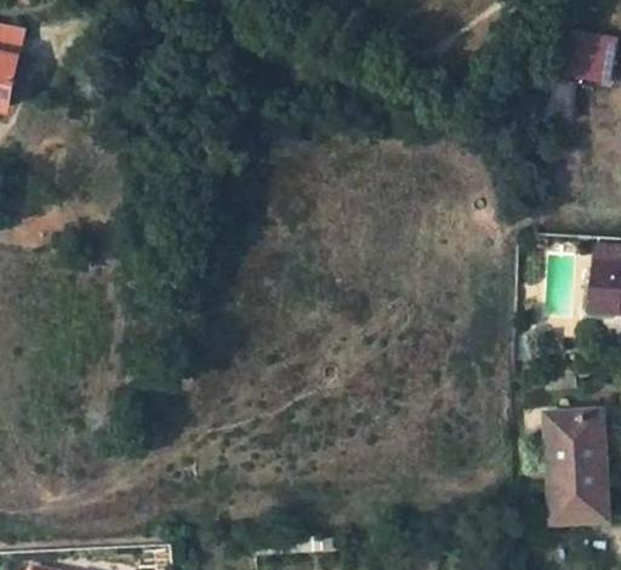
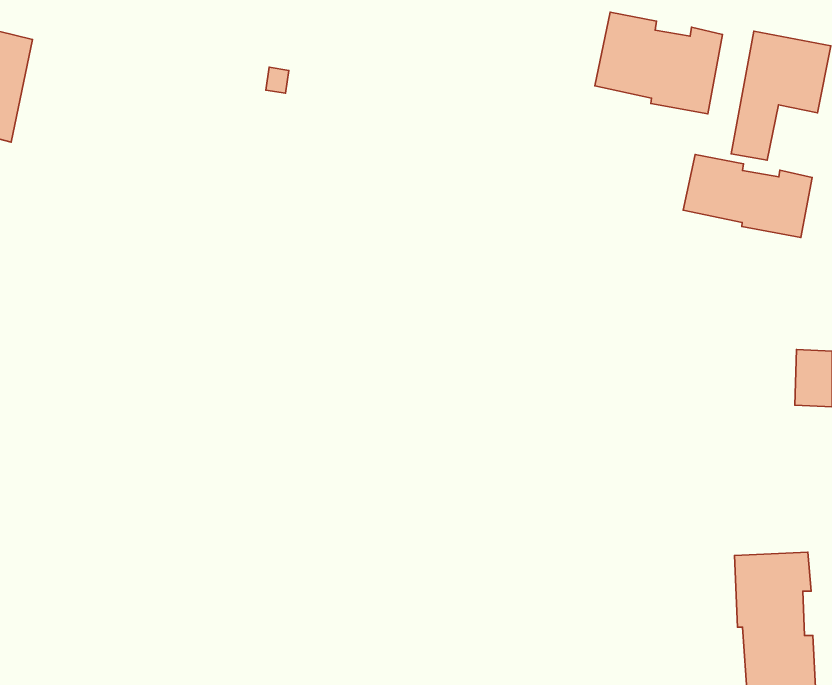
building: none -> [595,12,722,114]
building: none -> [683,154,812,237]

